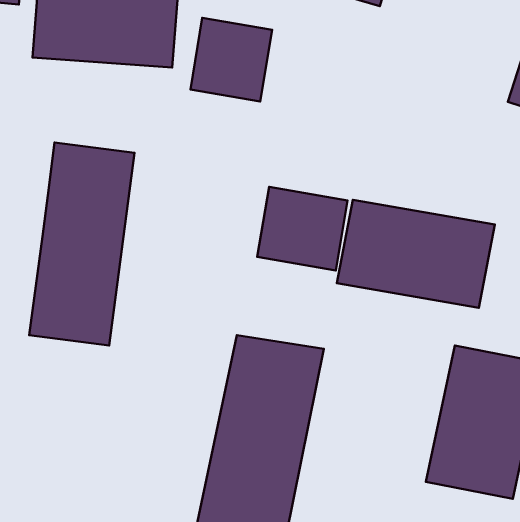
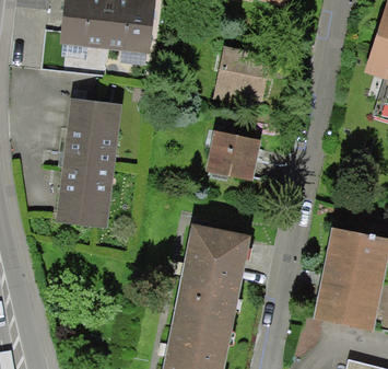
building: [190,18,272,102] -> [216,48,269,102]
building: [337,200,495,308] -> none

